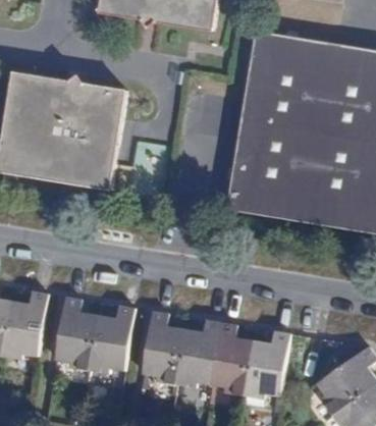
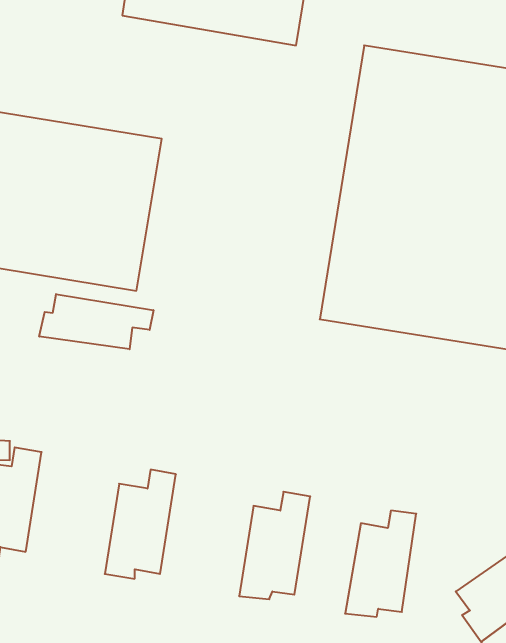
building: none -> [39,294,153,349]
building: [54,296,97,371] -> none
building: [141,310,183,385] -> none
building: [210,321,253,396] -> none

